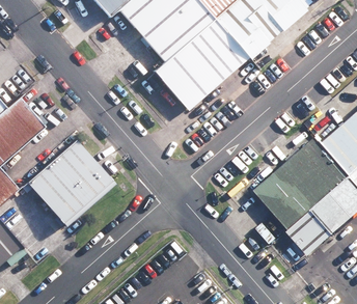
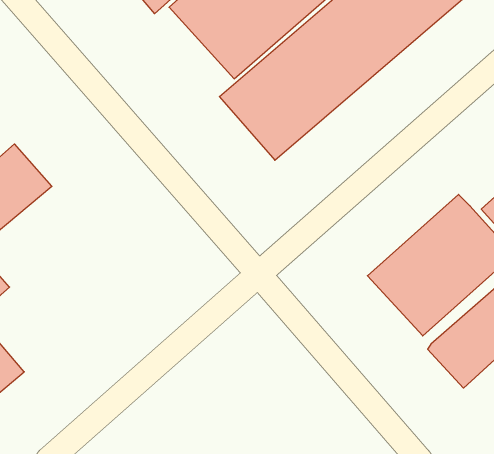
building: [25,142,113,228] -> none

